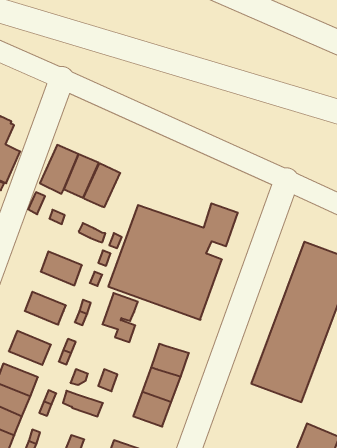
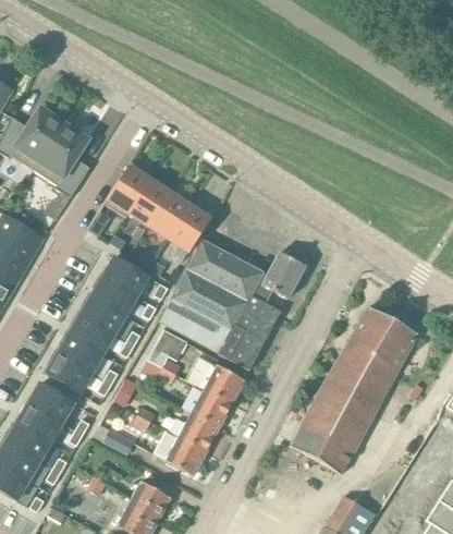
building: none -> [169,206,210,252]
building: none -> [103,258,147,295]
building: none -> [81,295,125,335]
building: none -> [59,333,102,373]
building: none -> [204,365,246,403]

